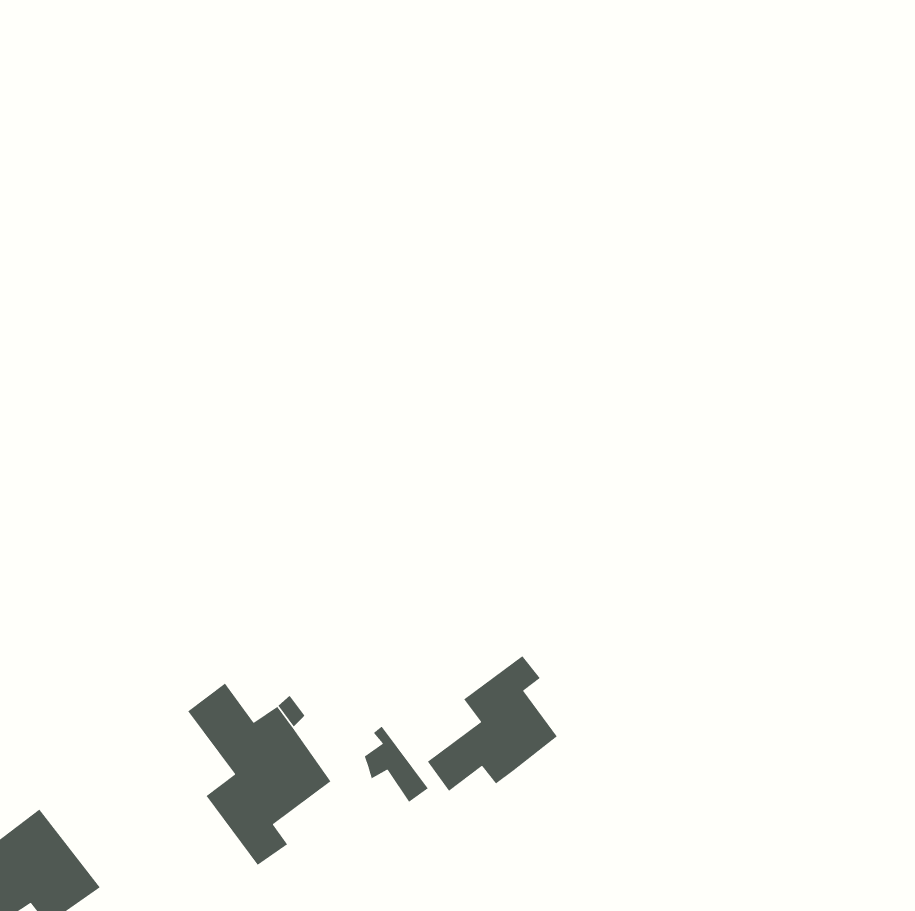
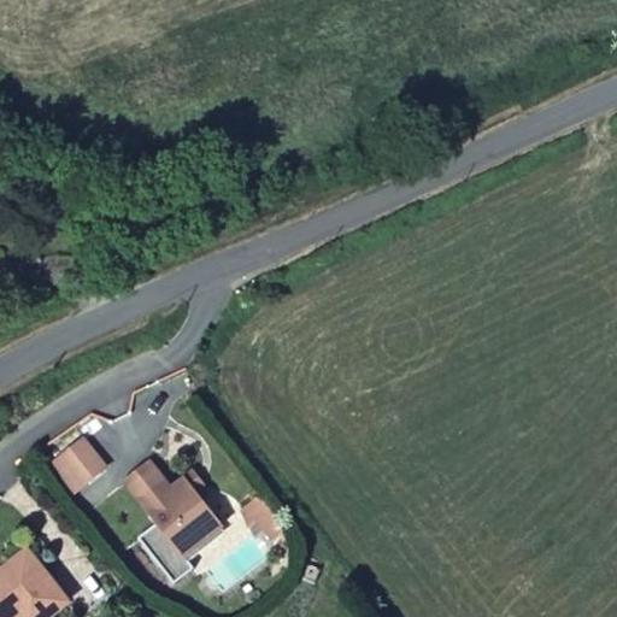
building: none -> [53,437,106,490]
building: [427,655,558,792] -> none

